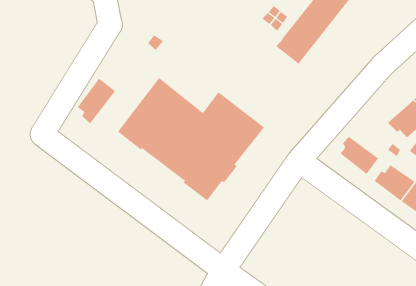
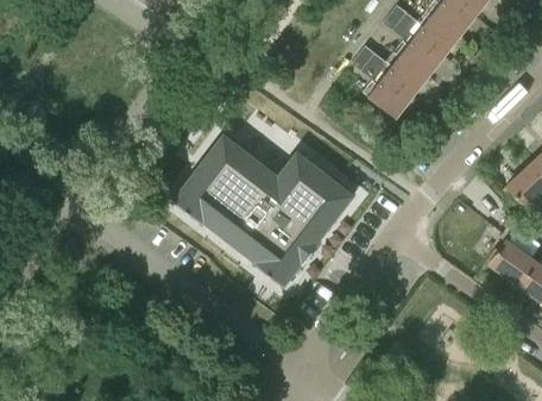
building: [77,78,116,124] -> none
building: [340,136,379,175] -> none

